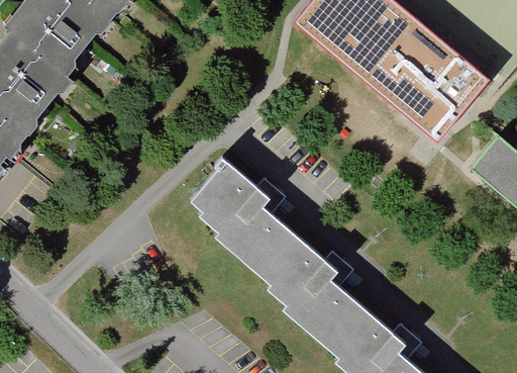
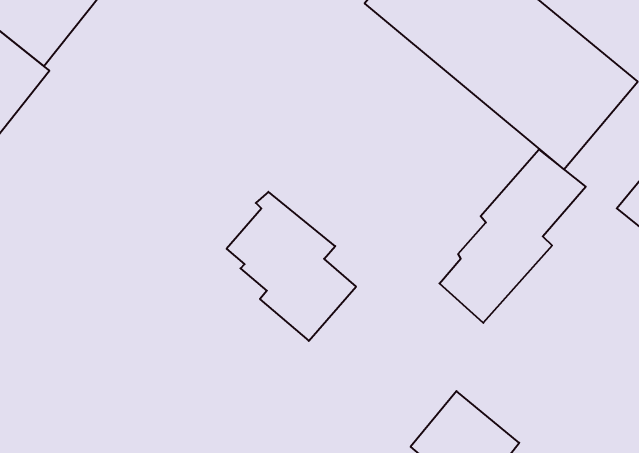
building: none -> [439,150,586,323]
building: [252,228,359,345] -> none

